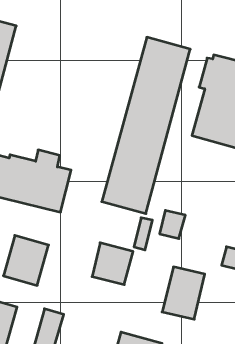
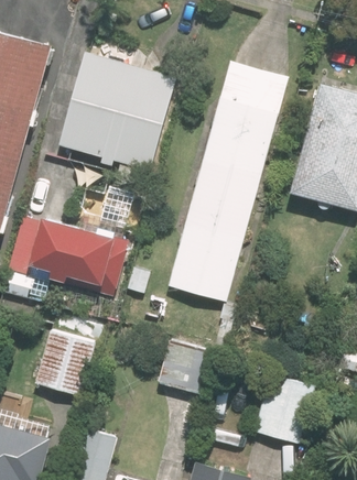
building: none -> [58,51,176,170]

